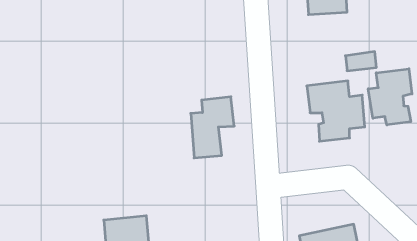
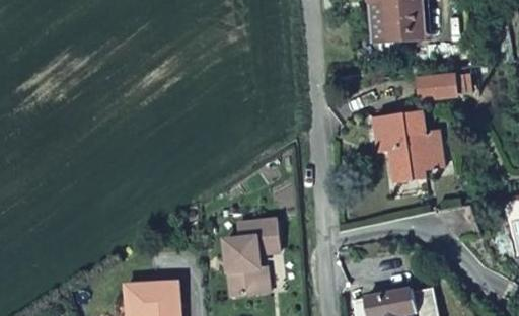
building: [368,69,412,125] -> none
building: [191,97,234,158] -> [227,218,280,292]

